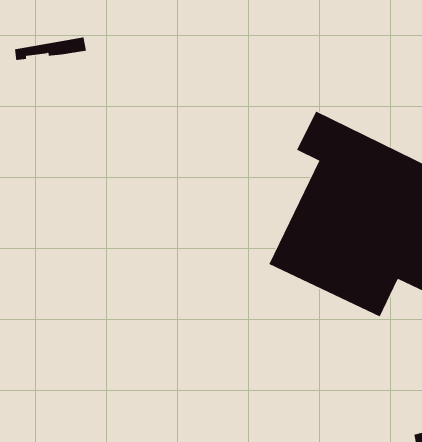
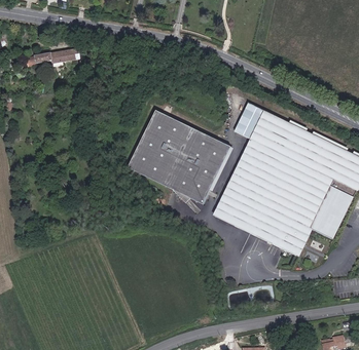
building: none -> [128,110,230,204]

